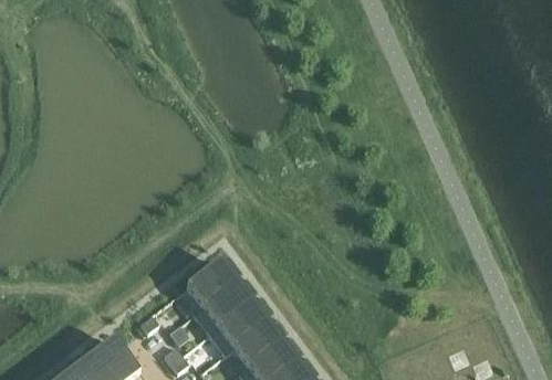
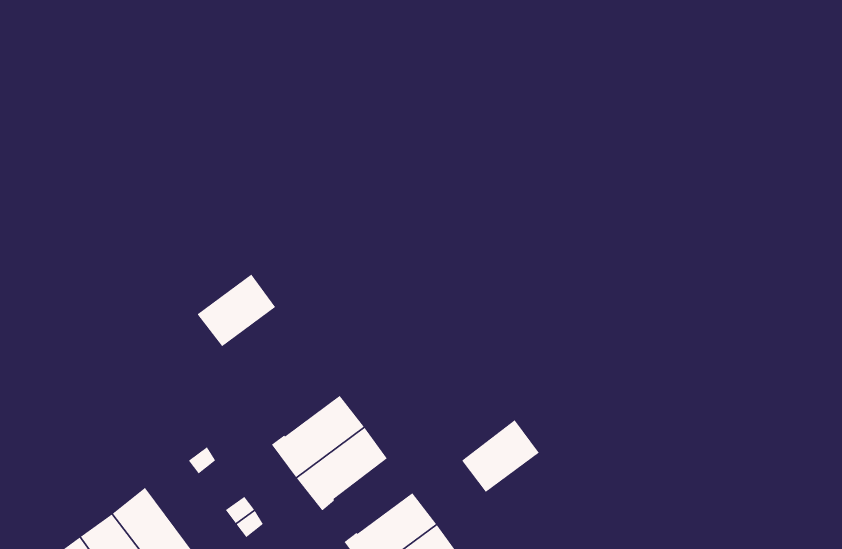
building: [185,261,235,307] -> [197,274,276,348]
building: [231,321,280,368] -> [462,419,540,493]

